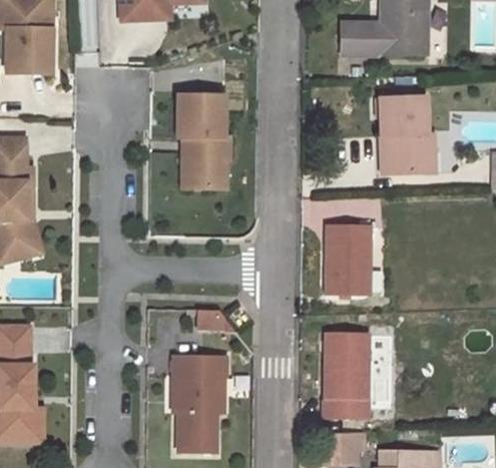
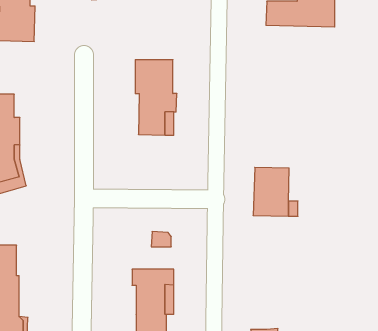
building: [380,96,435,173] -> none
building: [322,336,368,418] -> none

